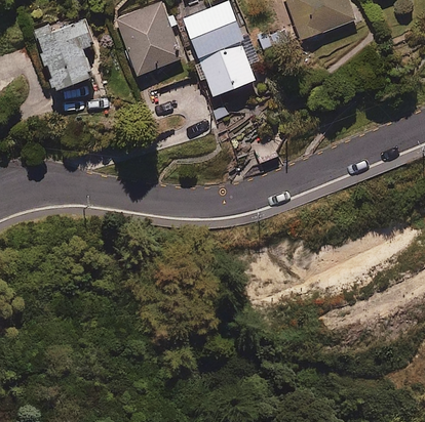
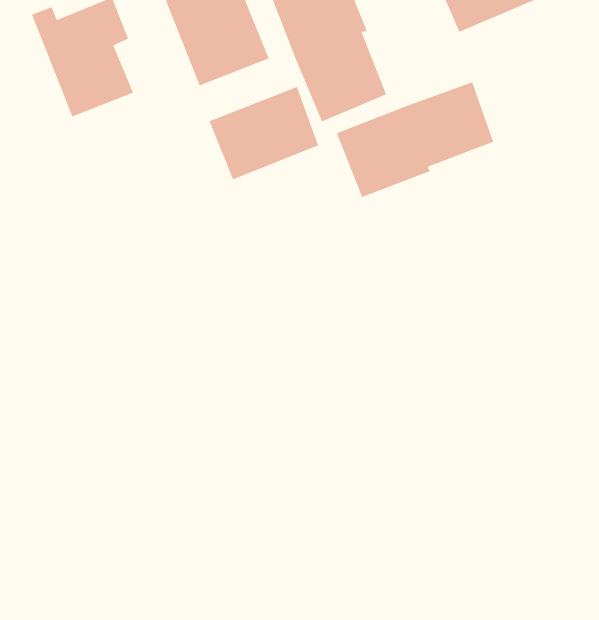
building: none -> [336,81,494,198]
building: none -> [209,86,319,180]

